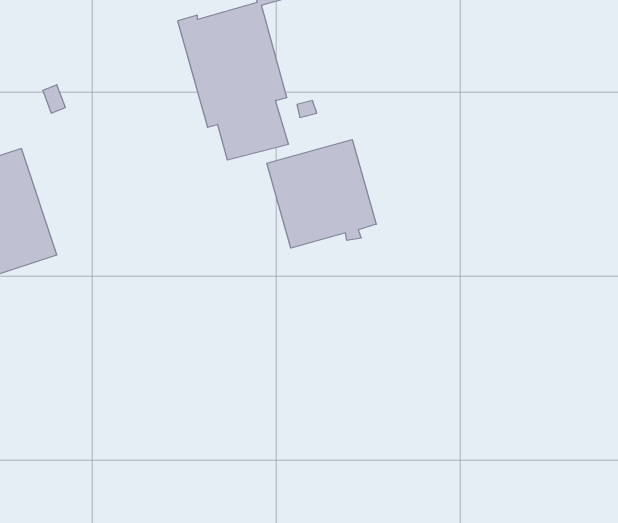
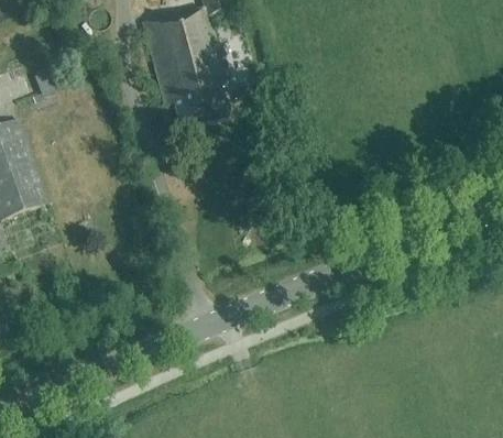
building: [267,140,376,248] -> none

